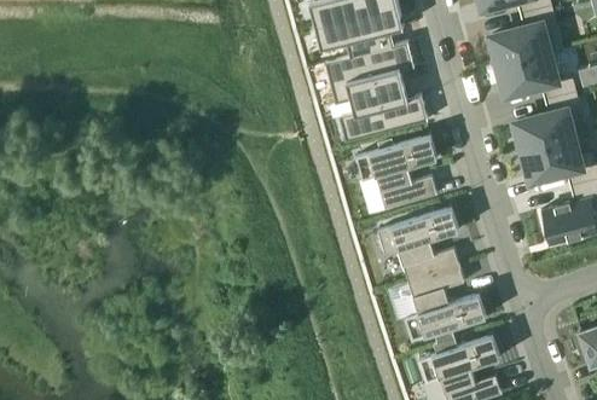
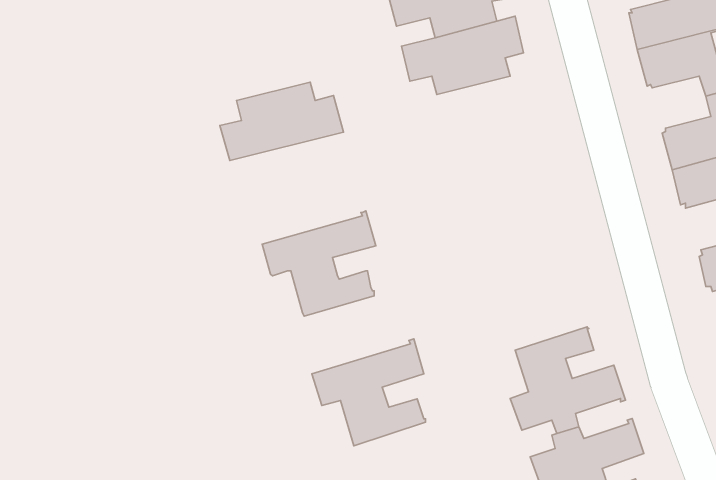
building: [338,85,428,141] -> [220,82,344,161]
building: [355,133,437,209] -> [262,211,376,316]
building: [377,205,459,283] -> [312,339,426,446]

